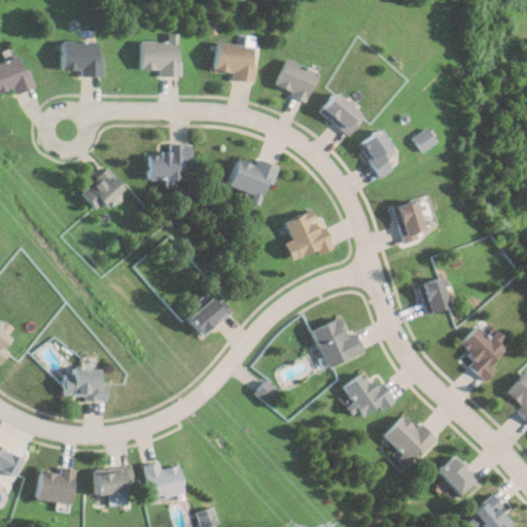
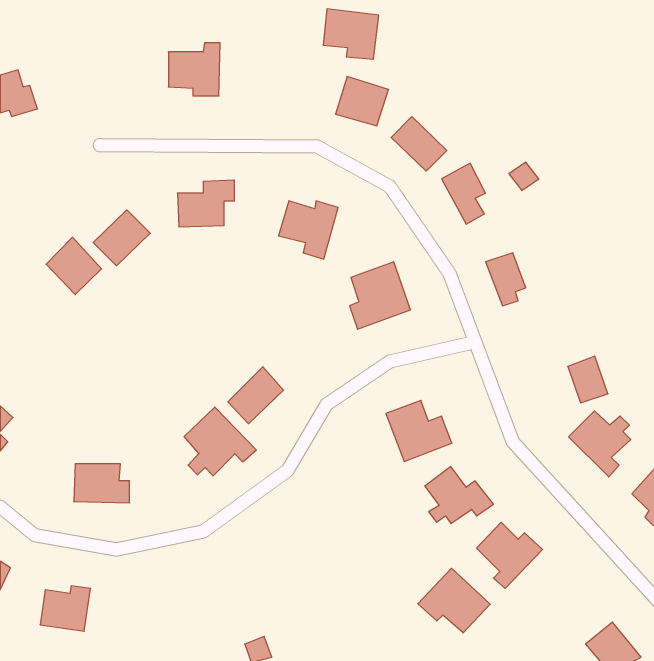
building: [61,42,104,77] -> none
building: [212,43,256,83] -> [323,9,379,59]
building: none -> [46,237,102,295]
building: [420,278,452,315] -> [568,356,608,403]
building: none -> [184,407,256,476]
building: none -> [418,568,490,633]
building: [436,455,482,495] -> none
building: [146,461,187,499] -> none
building: [96,468,135,493] -> none

